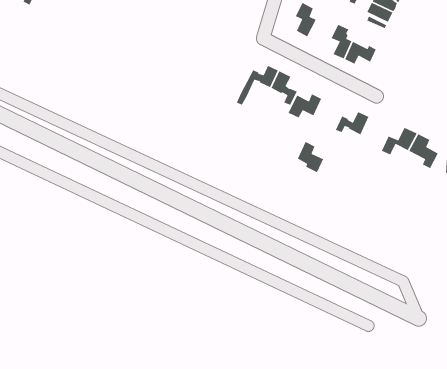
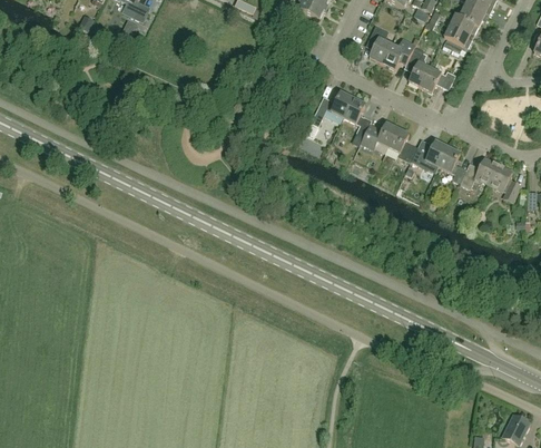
building: none -> [381,38,415,69]
building: none -> [437,146,465,183]
building: [297,141,324,173] -> [387,127,416,162]

